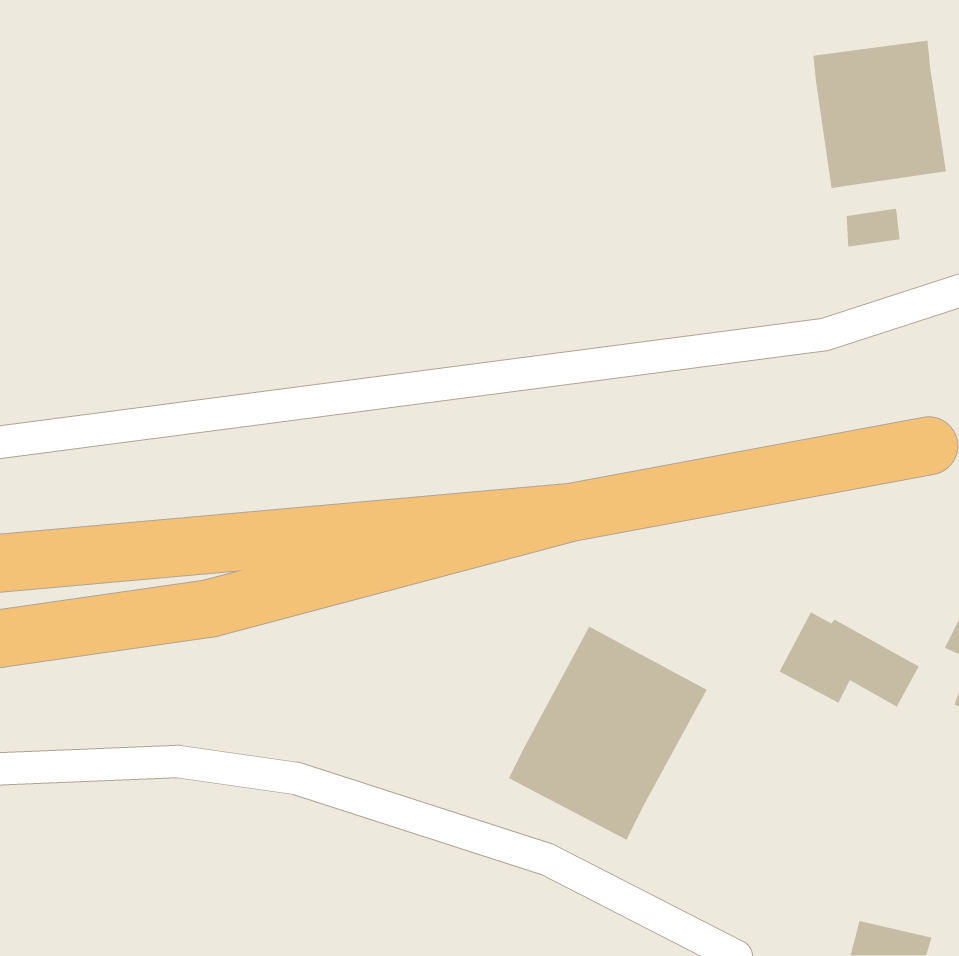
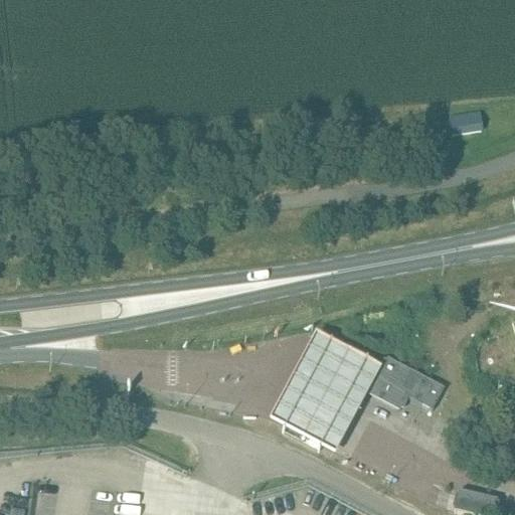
building: [812,40,947,189] -> none
building: [778,611,920,708] -> [371,358,447,409]

